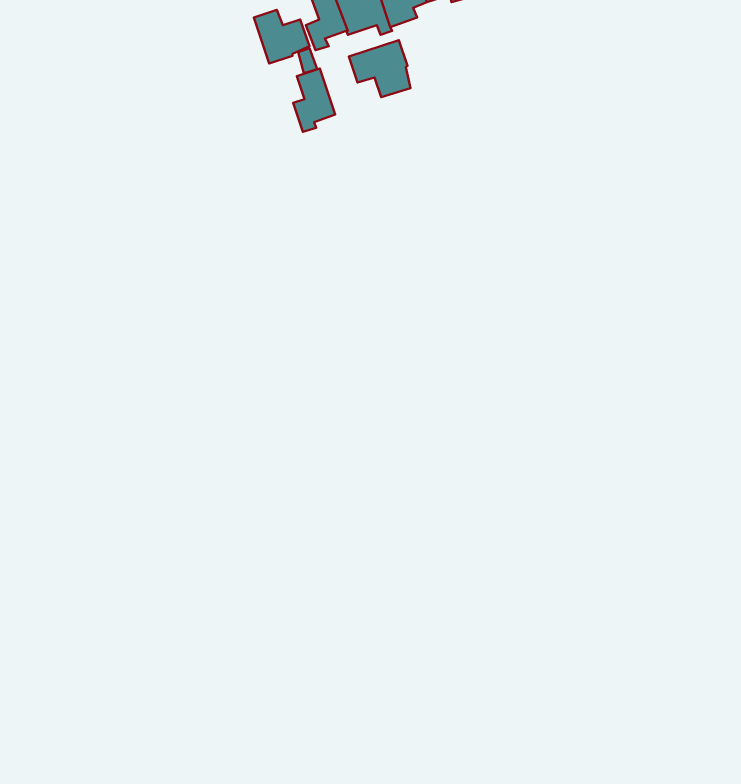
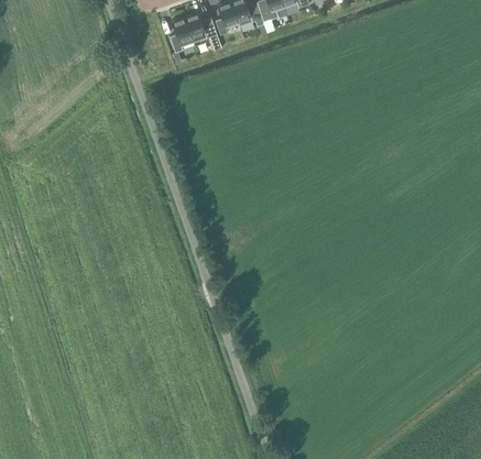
building: [349,40,411,97] -> none
building: [293,68,335,132] -> [170,15,194,52]

